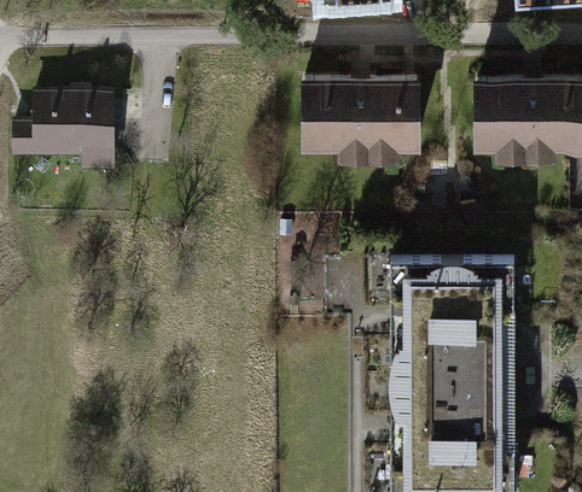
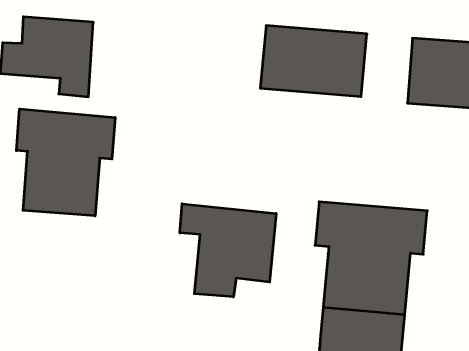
building: none -> [16,109,115,216]
building: none -> [180,204,276,297]

